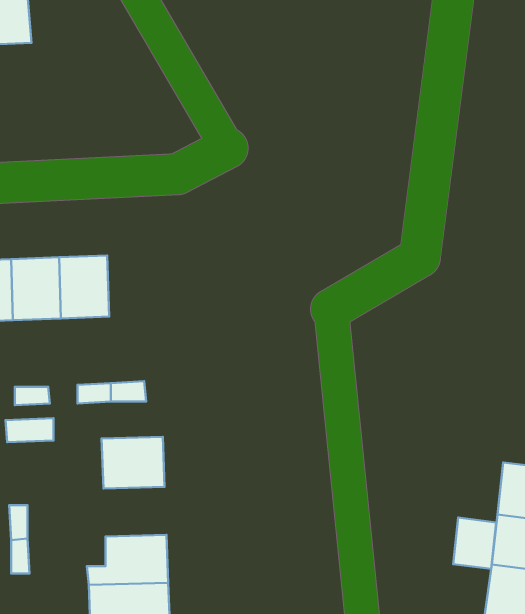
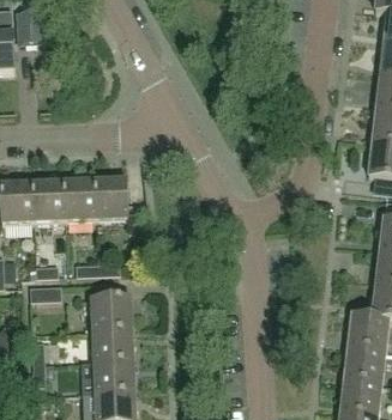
building: none -> [95,179,127,220]
building: none -> [92,330,133,363]
building: [453,518,496,569] -> none

